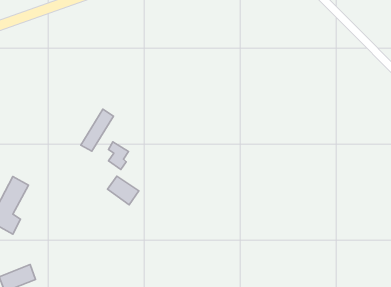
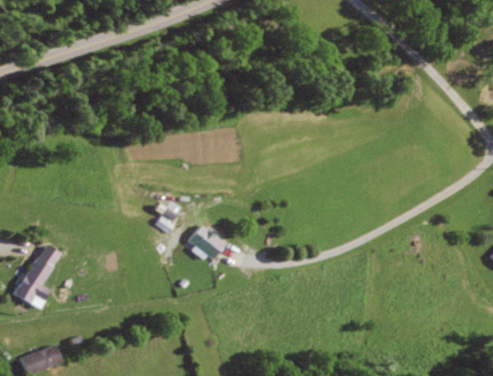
building: [81,109,114,151] -> none
building: [107,176,139,205] -> [188,225,224,258]

